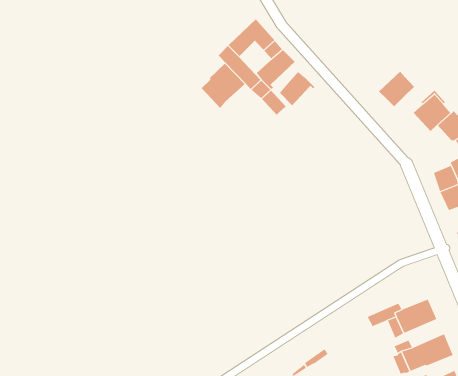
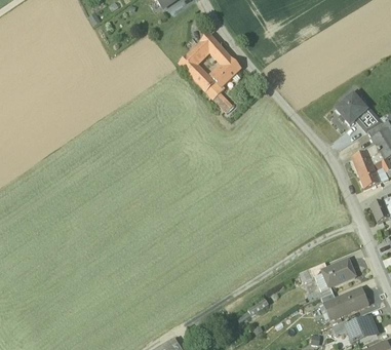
building: [201,63,246,109] -> none
building: [378,71,415,107] -> none
building: [279,71,315,106] -> none

